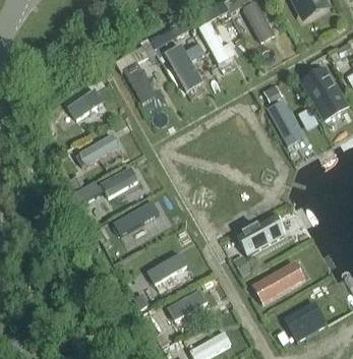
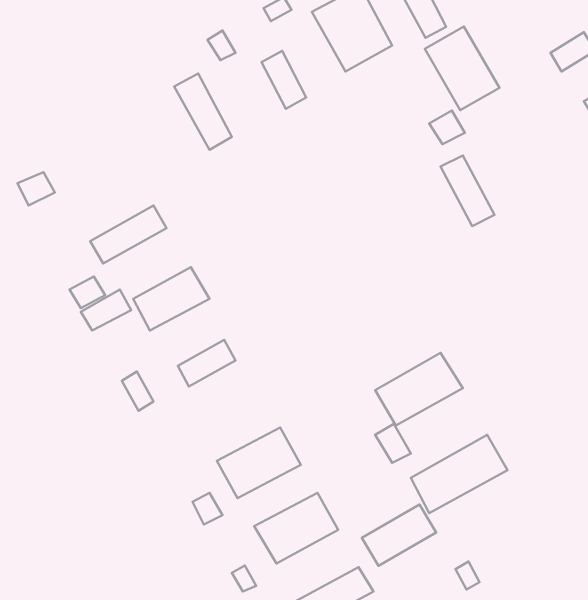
building: [304,69,345,115] -> [425,26,499,110]
building: [64,88,102,119] -> none
building: [287,305,328,339] -> [362,504,436,566]

